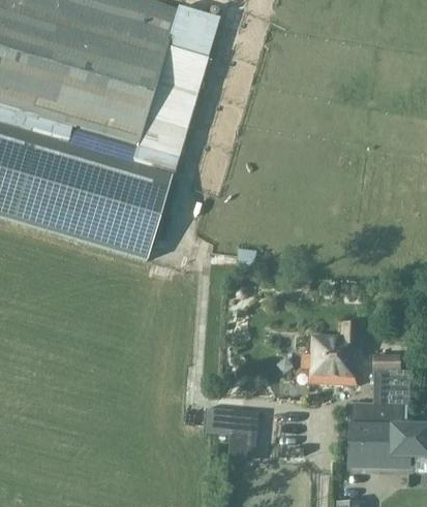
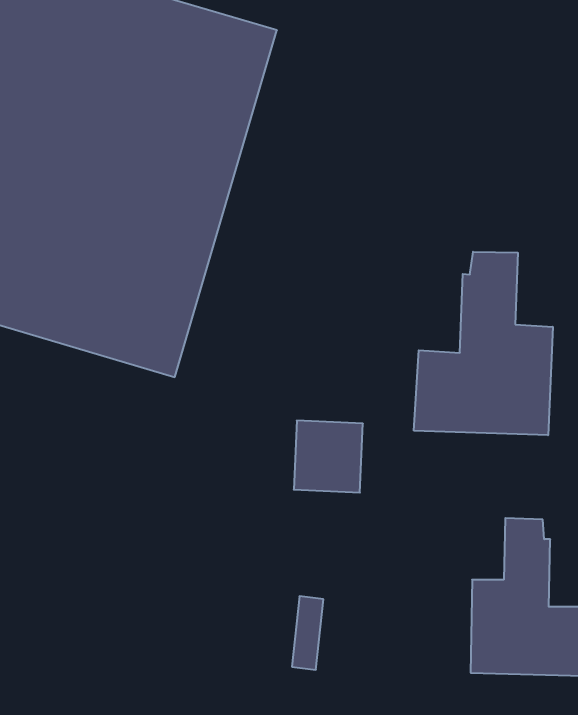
building: none -> [414,252,553,435]
building: [313,332,361,382] -> [294,421,363,493]

